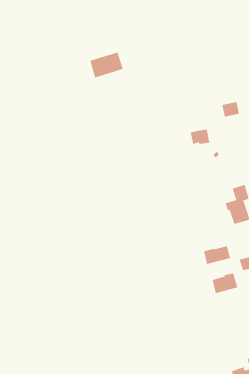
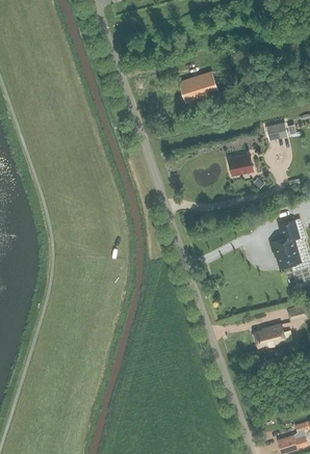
building: [89,52,124,78] -> [180,71,221,102]
building: [203,246,231,265] -> none

